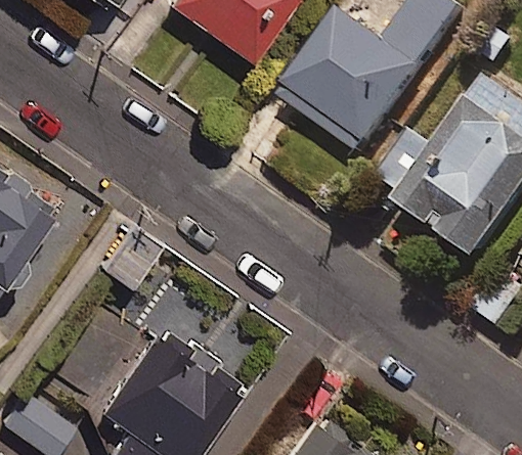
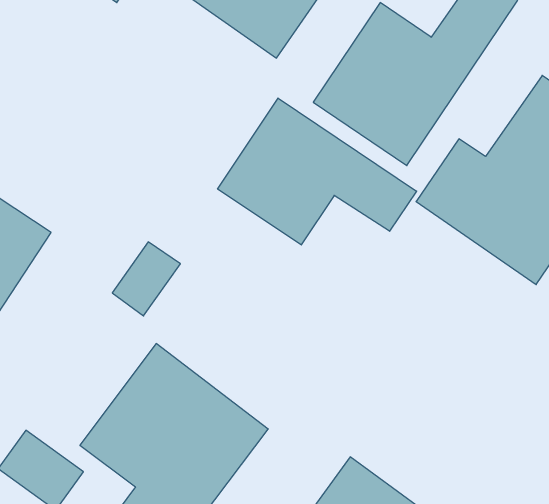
building: none -> [218,98,417,245]

